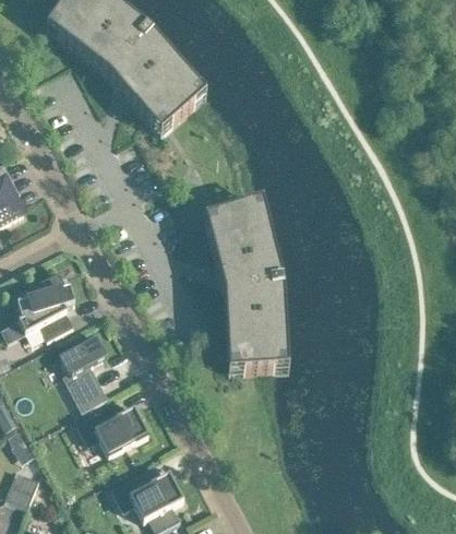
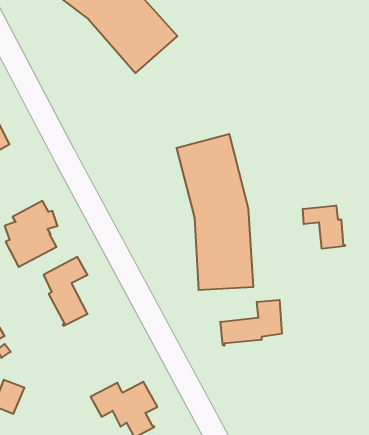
building: none -> [303,205,345,249]
building: none -> [220,300,282,346]
building: [75,406,148,455] -> none

